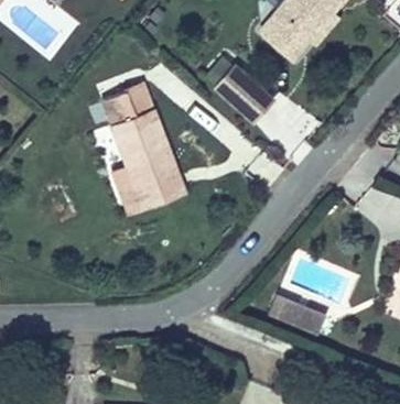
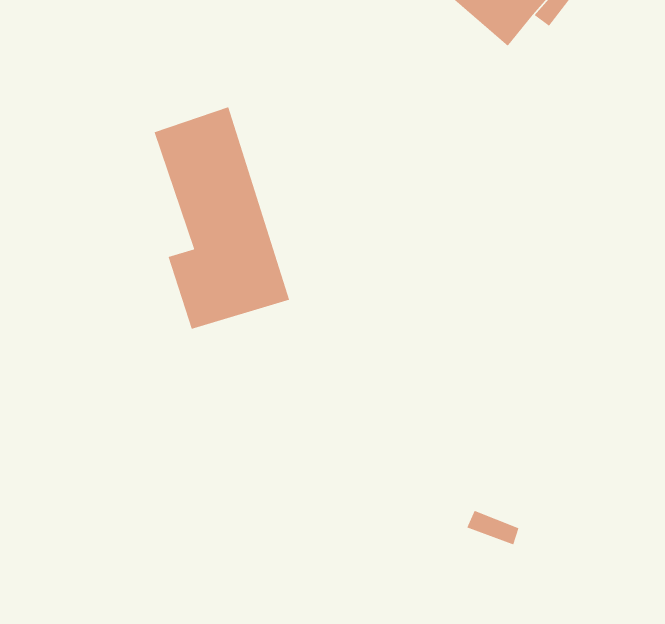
building: [218,61,274,114] -> none

